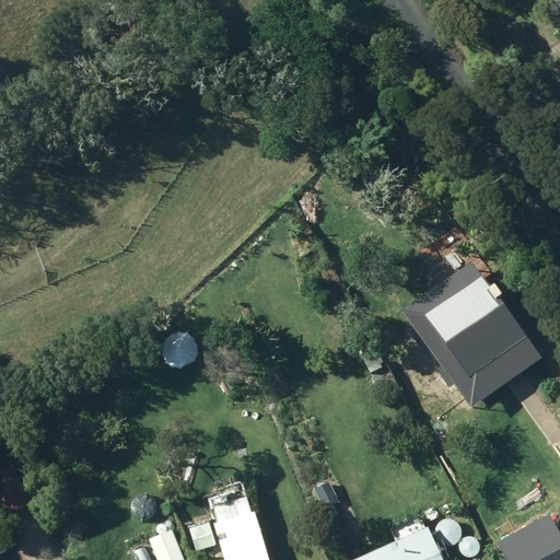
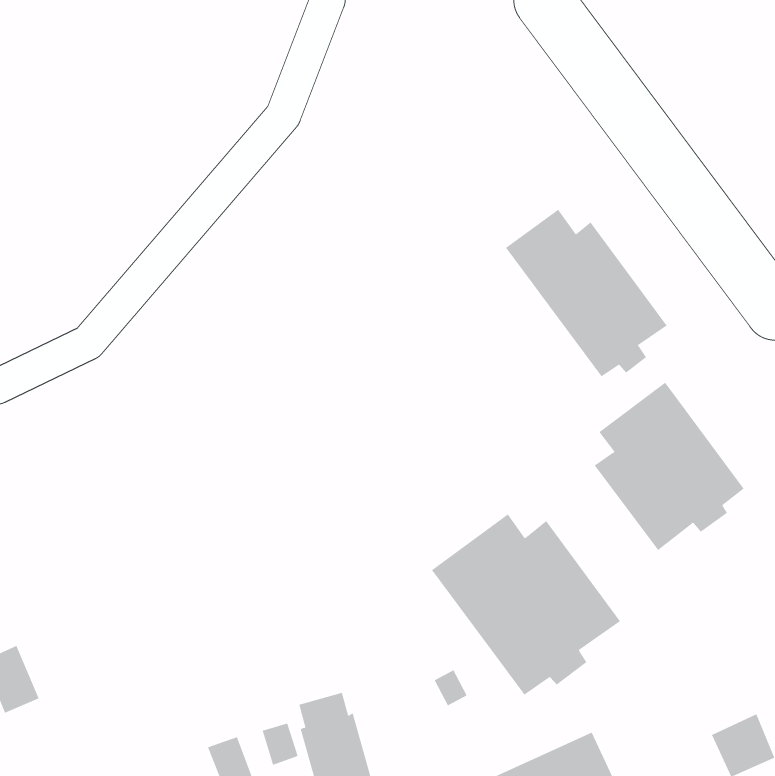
building: none -> [505,209,668,377]
building: none -> [431,513,621,696]

